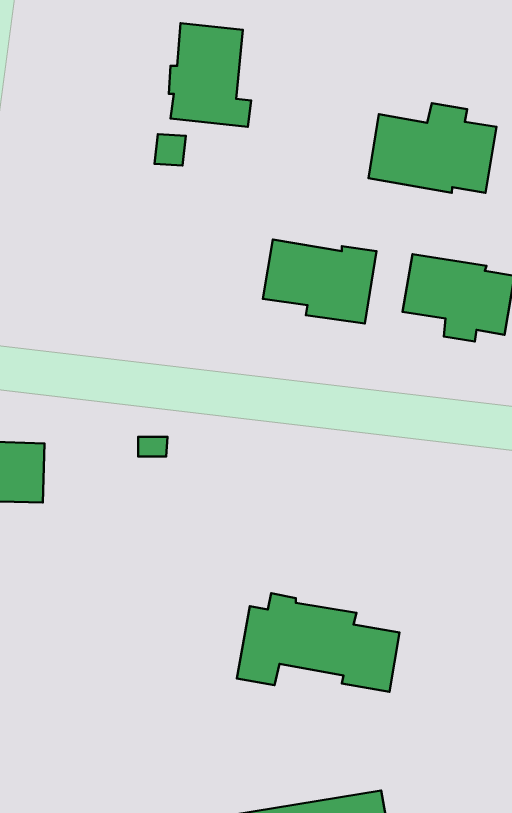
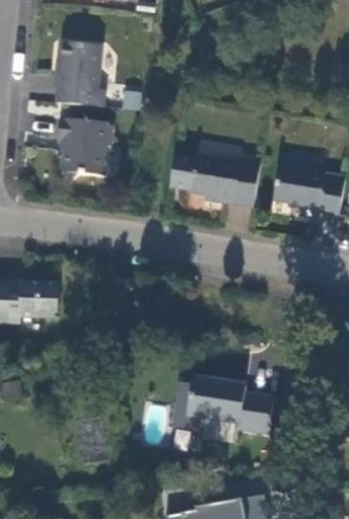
building: [169,23,251,127] -> [55,44,106,107]
building: [369,103,496,193] -> none
building: none -> [58,120,112,177]

